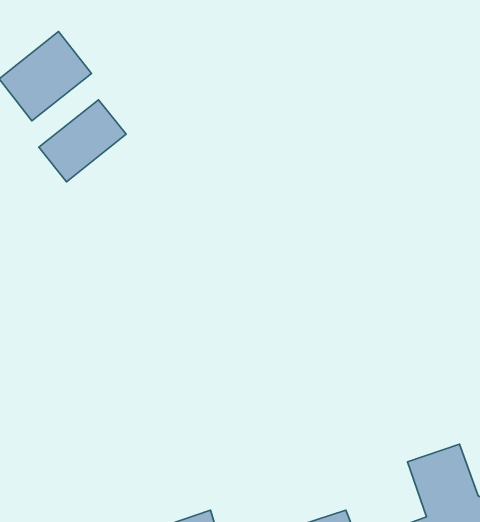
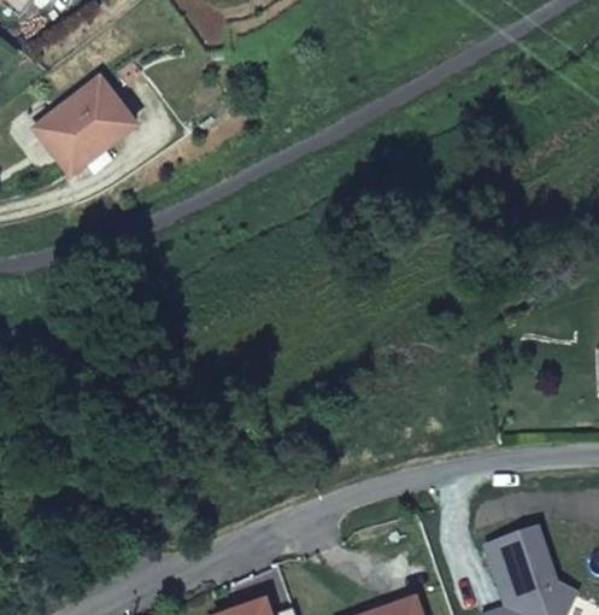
building: [39,100,126,182] -> none

